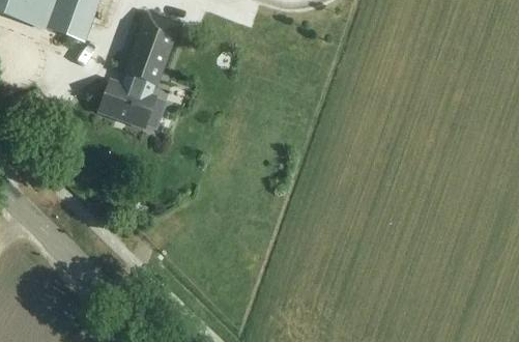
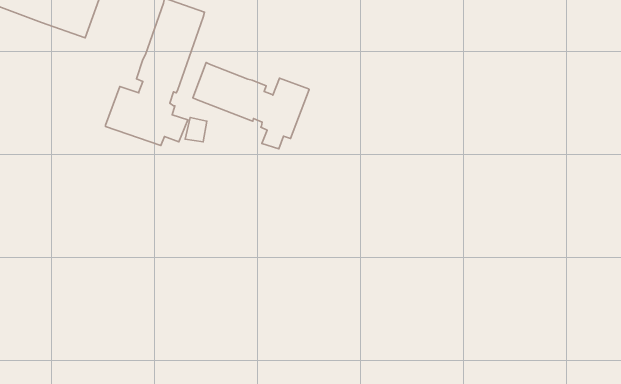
building: none -> [193,62,309,149]

